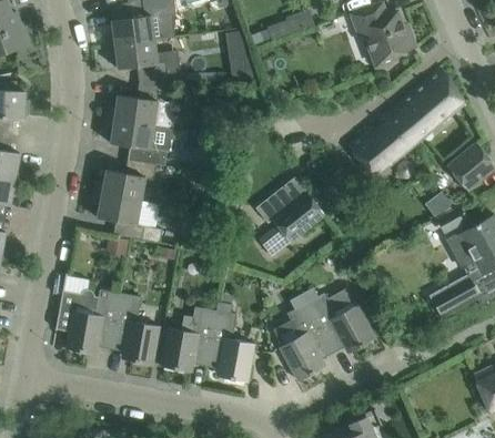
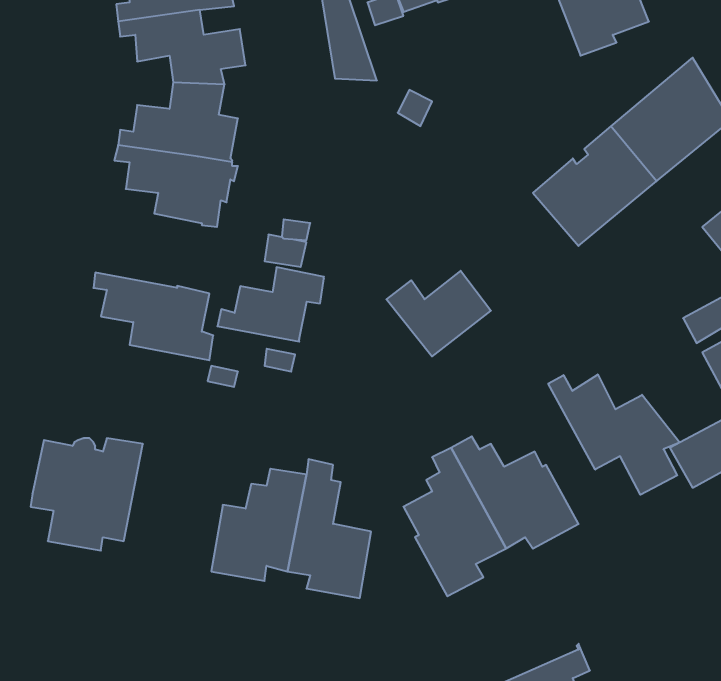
building: [92,159,154,202] -> [217,267,324,342]
building: none -> [548,374,680,495]
building: [109,293,158,365] -> none

